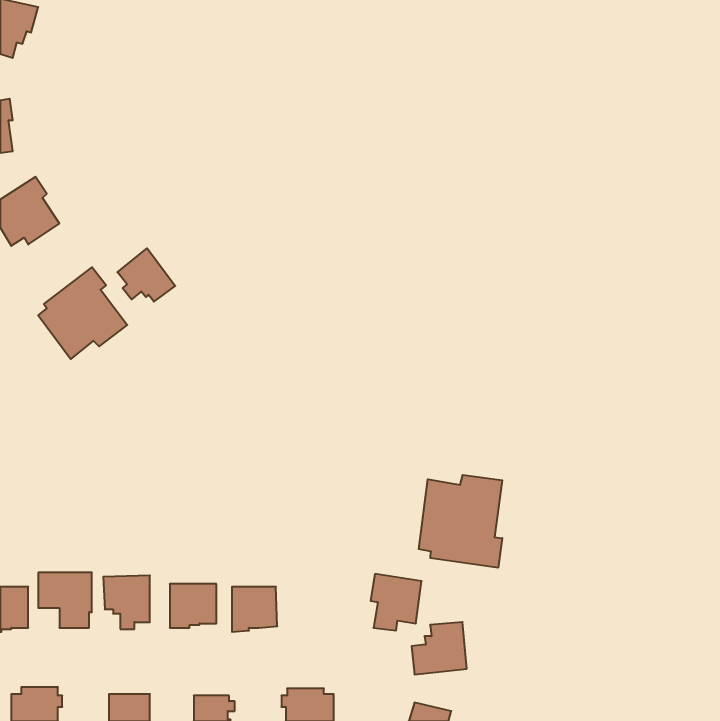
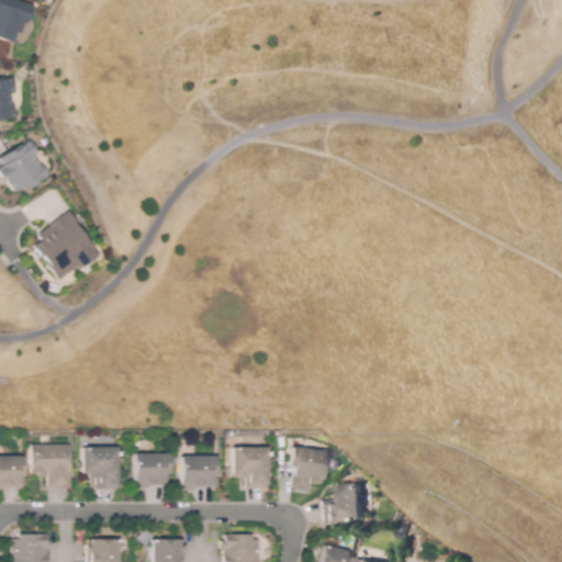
building: [117,248,175,302] -> none
building: [419,475,502,568] -> none
building: none -> [233,447,268,488]

